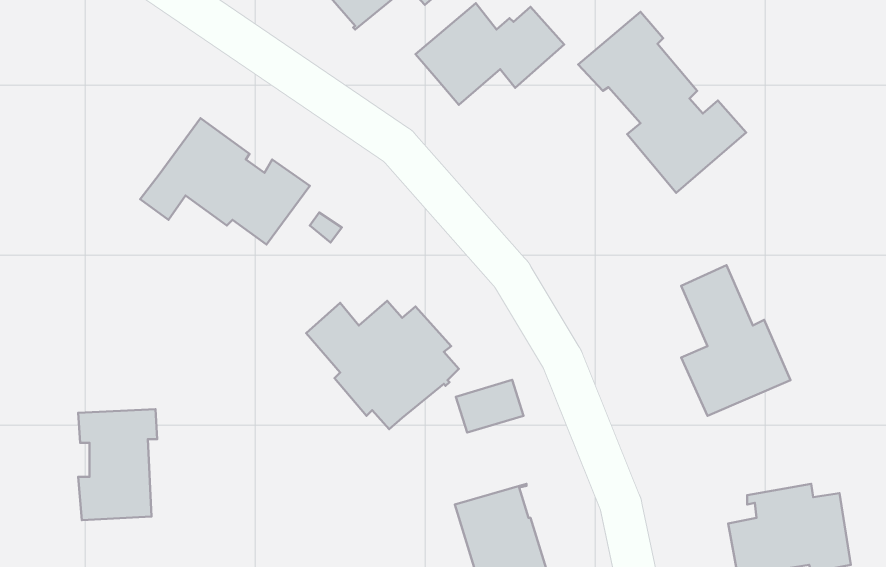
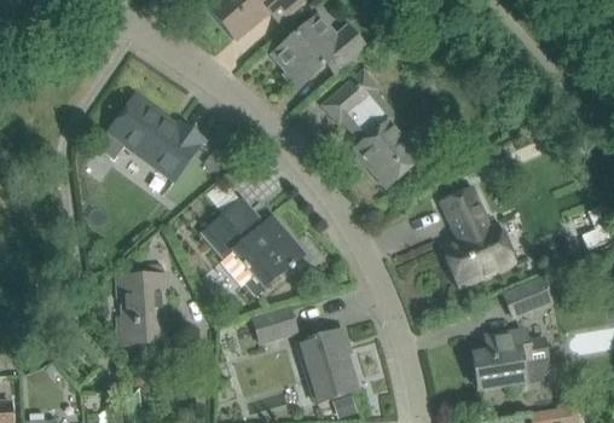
building: [578,12,746,193] -> [323,70,430,186]
building: [456,380,524,433] -> [253,307,296,341]
building: none -> [503,278,550,317]
building: [78,409,157,520] -> [117,273,168,344]

